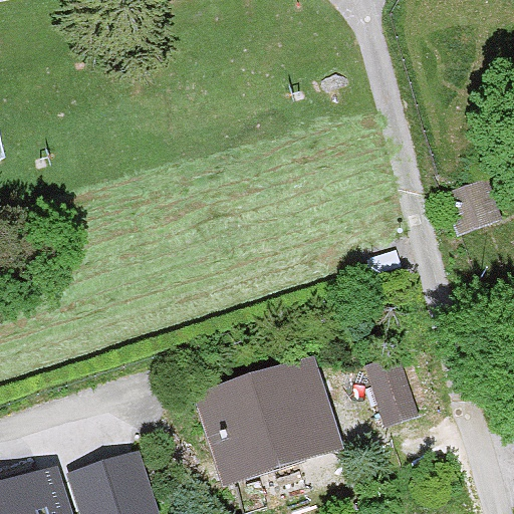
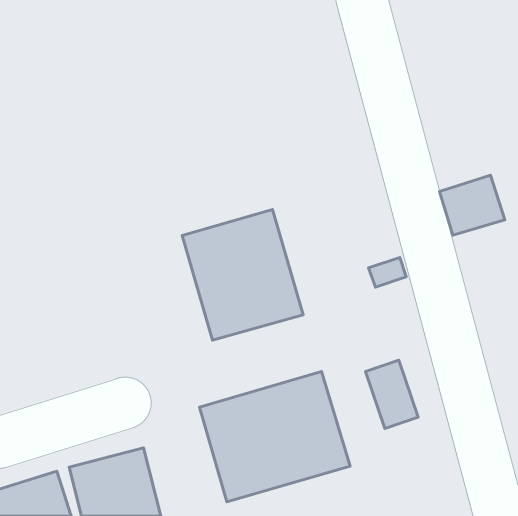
building: none -> [182,209,303,340]

